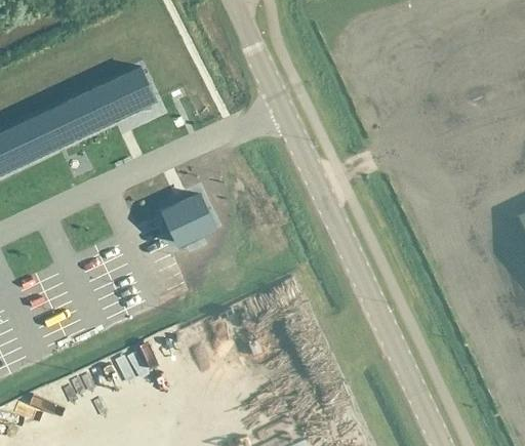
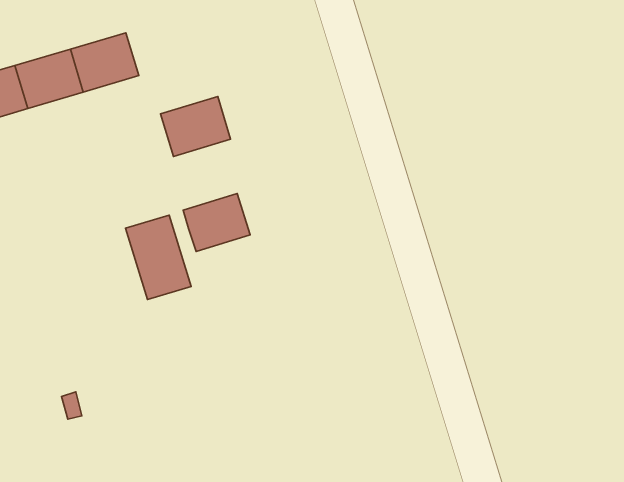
building: [99,70,155,120] -> [161,96,231,157]
building: none -> [126,215,191,299]

